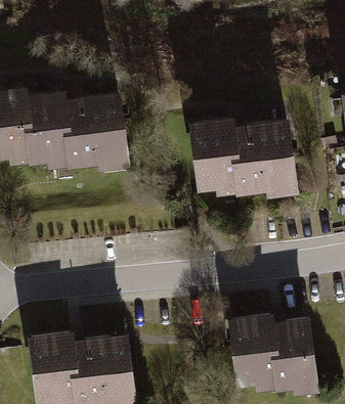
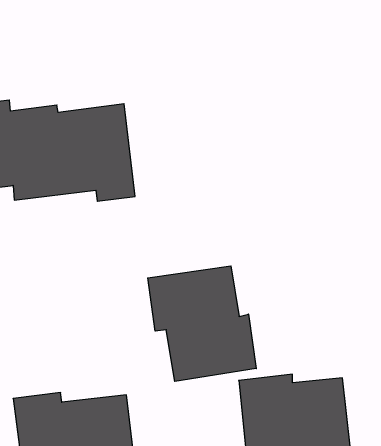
building: [191,118,305,199] -> none
building: none -> [148,266,256,381]

